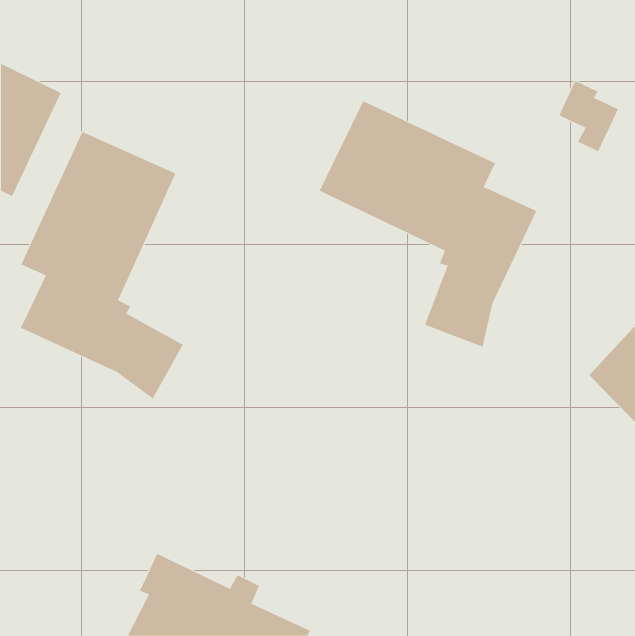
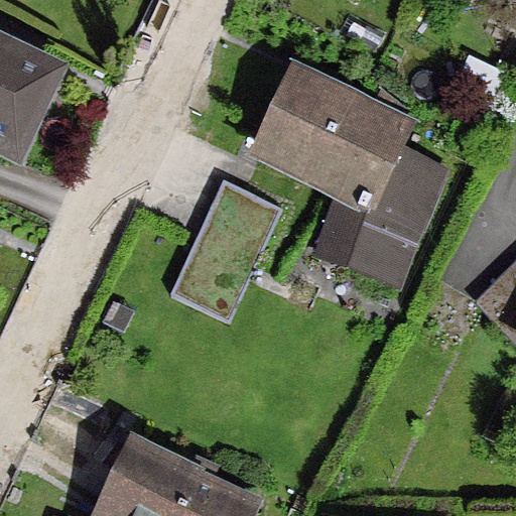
building: [20,131,183,400] -> none
building: none -> [170,181,281,321]

